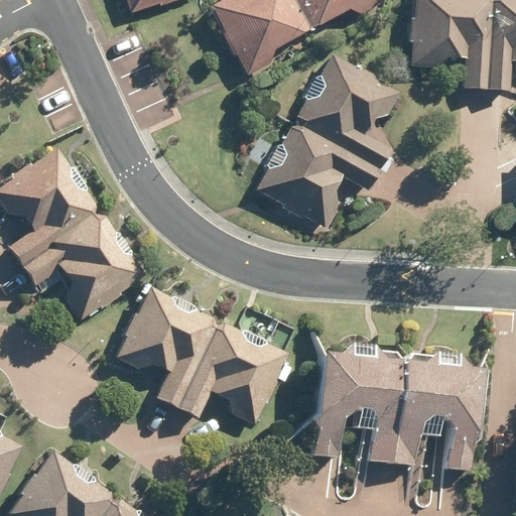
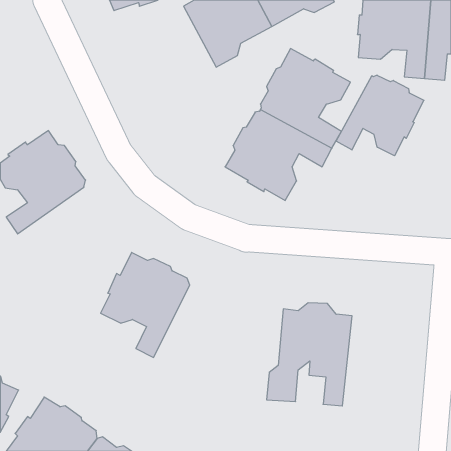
building: none -> [336,75,424,156]
building: [20,214,144,320] -> none
building: [175,325,288,427] -> none
building: [391,354,485,473] -> none

